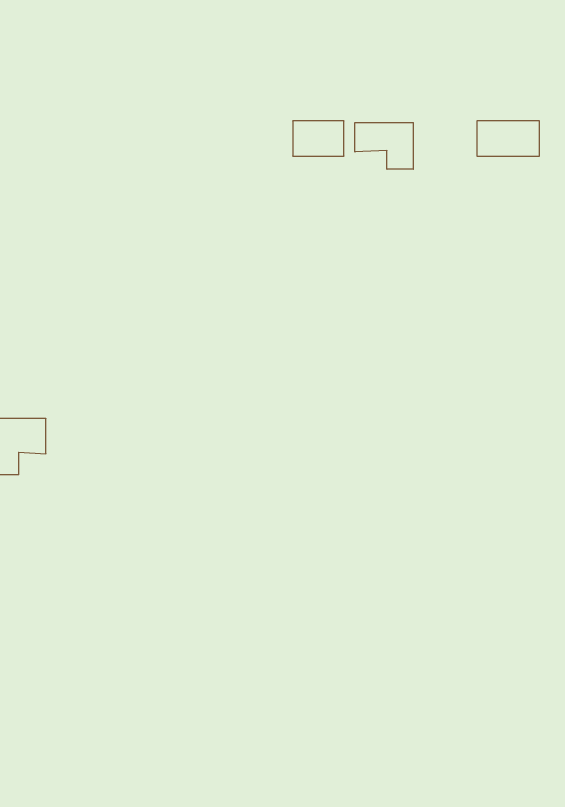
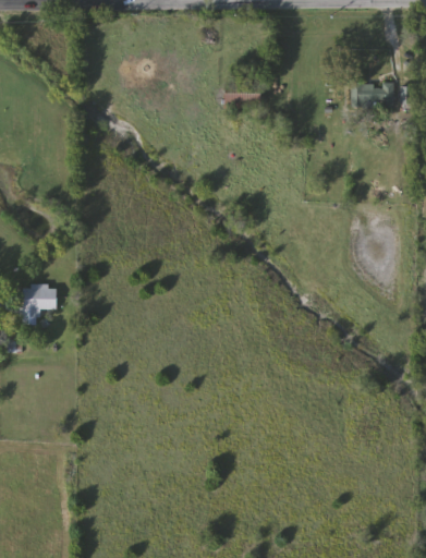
building: [355,123,413,169] -> none

